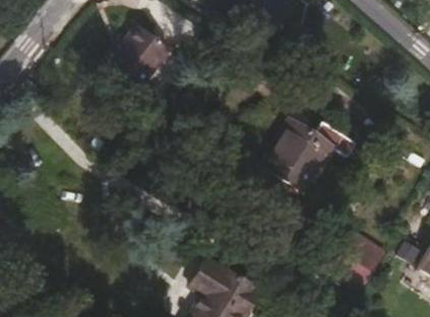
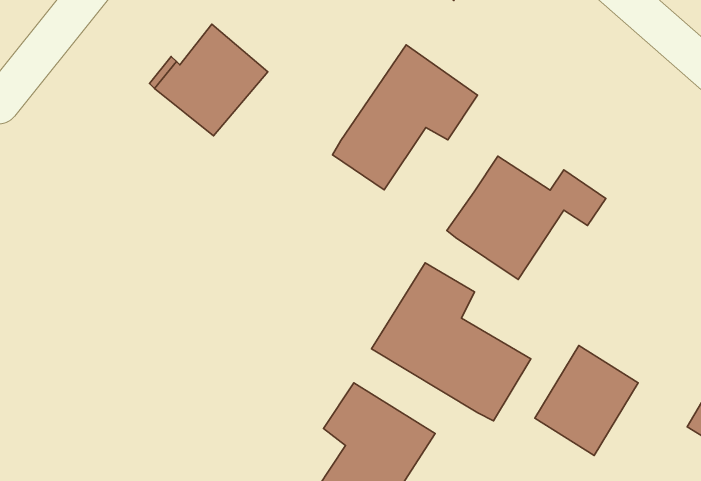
building: none -> [333,45,477,190]
building: none -> [372,263,531,421]

